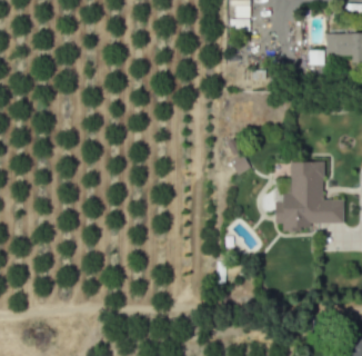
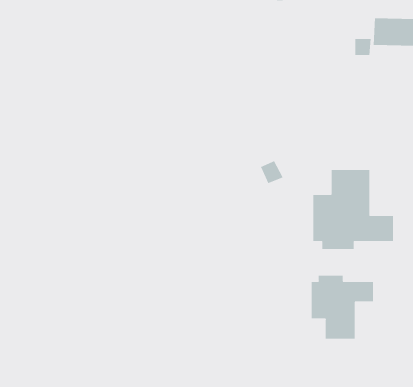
building: none -> [311,275,373,340]

